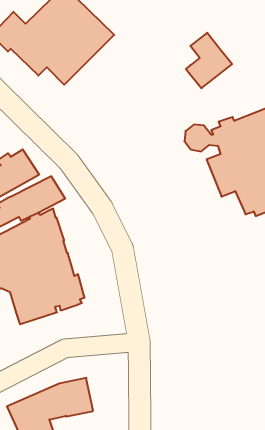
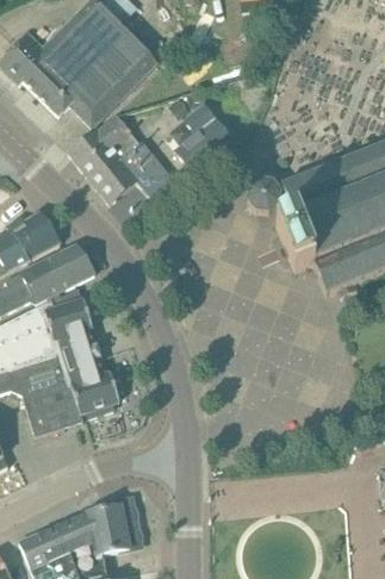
building: [186,33,232,88] -> [174,102,234,174]
building: none -> [67,113,175,201]

